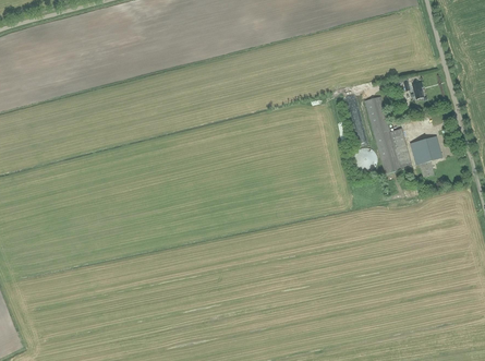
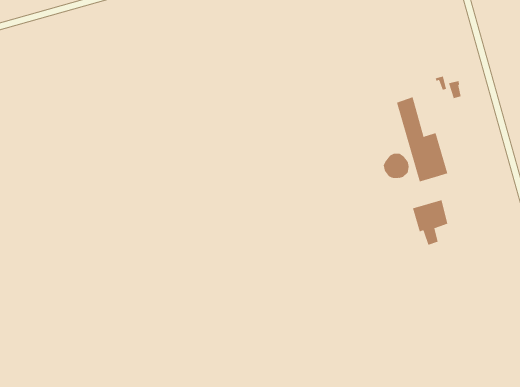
building: [409,134,441,176] -> [412,200,448,245]

